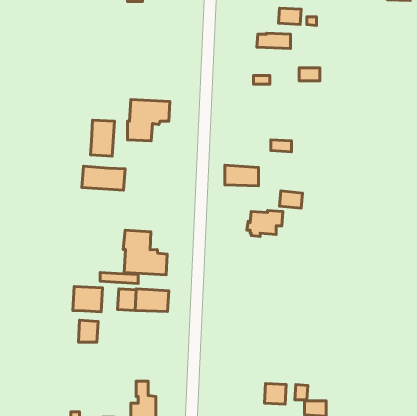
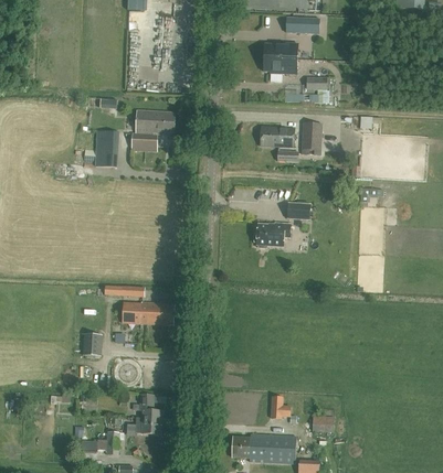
building: none -> [263,56,297,74]
building: none -> [302,121,323,154]
building: [225,165,259,186] -> [260,126,294,147]
building: [82,166,125,190] -> none
building: [123,230,167,275] -> none
building: [73,286,103,312] -> none

